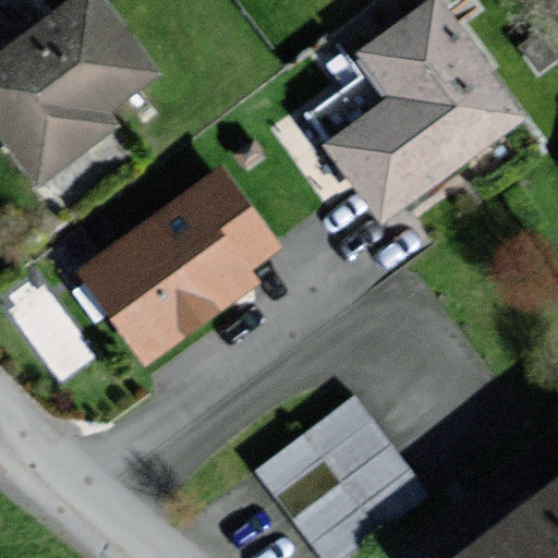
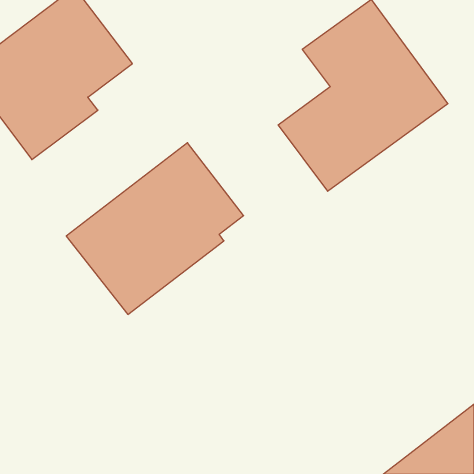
building: [254,379,425,548] -> none

